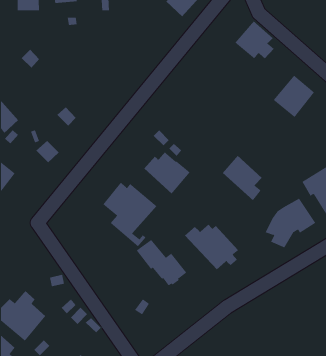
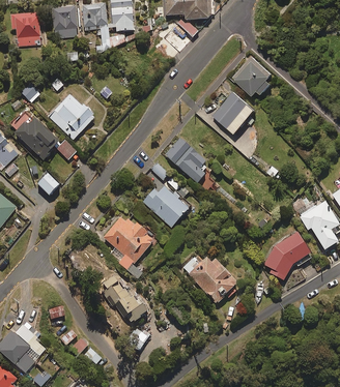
building: none -> [47,95,93,142]
building: [273,75,315,118] -> [212,91,254,133]
building: none -> [12,116,57,158]
building: [222,155,263,201] -> [165,137,205,182]
building: [136,239,187,286] -> [96,275,147,322]

